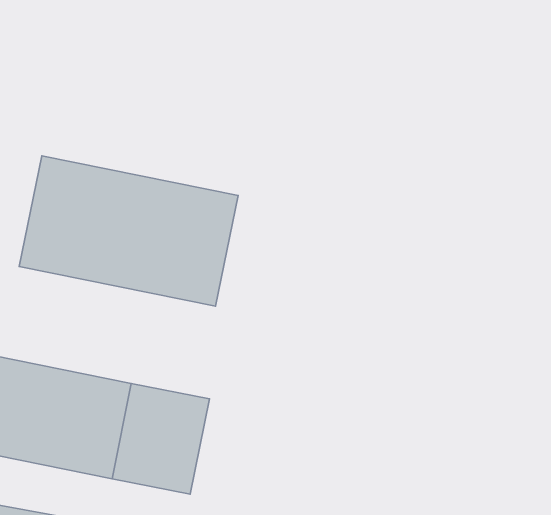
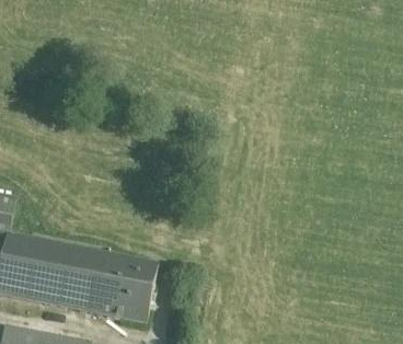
building: [19,156,238,306] -> none

